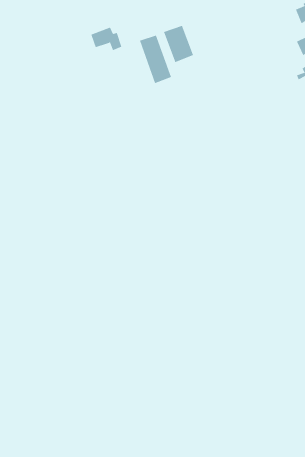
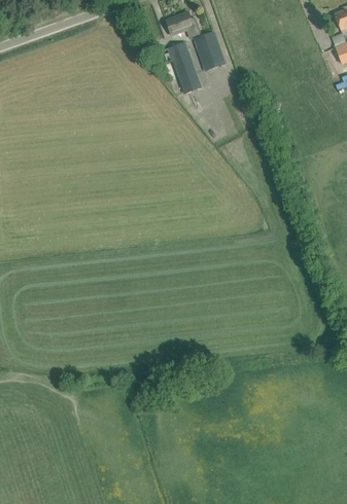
building: [90,27,122,51] -> [166,11,200,37]

